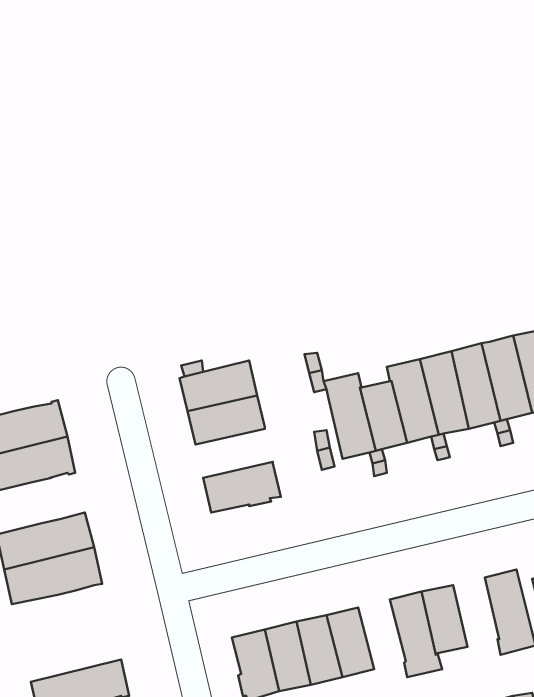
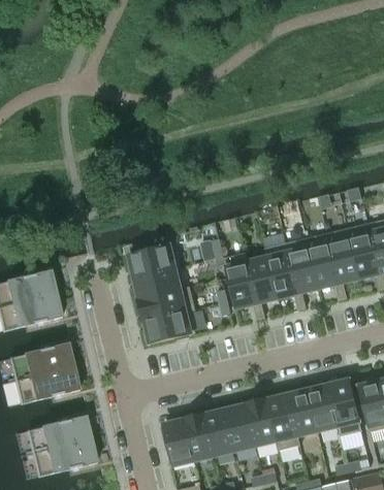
building: none -> [139,286,195,320]
building: none -> [308,385,338,430]
building: none -> [246,399,277,445]
building: none -> [26,415,91,453]

